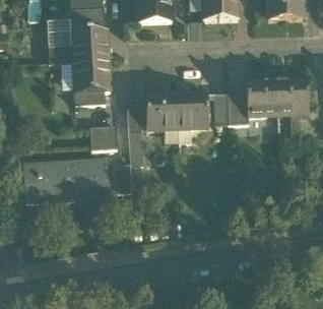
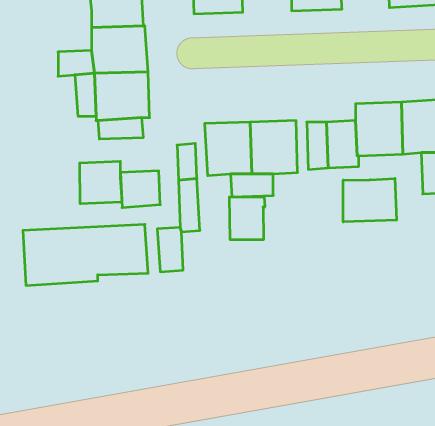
building: [47,19,71,47] -> none
building: none -> [80,161,122,204]
building: none -> [343,178,397,222]
building: none -> [229,197,265,240]

